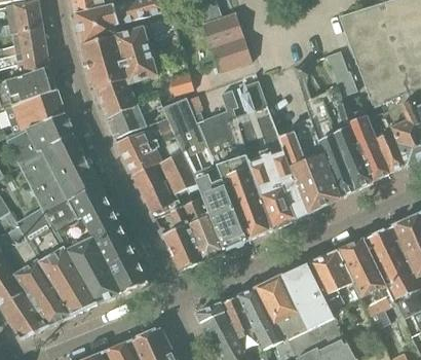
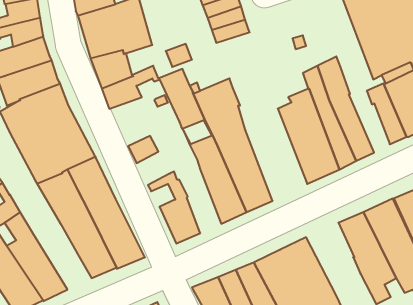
building: [326,50,357,96] -> none
building: [235,80,308,227] -> none
building: [349,118,389,180] -> none
building: [116,129,160,170] -> none
building: [161,150,224,259] -> none
building: [141,179,174,212] -> none
building: [16,207,97,315] -> none
building: [309,249,360,321] -> none

